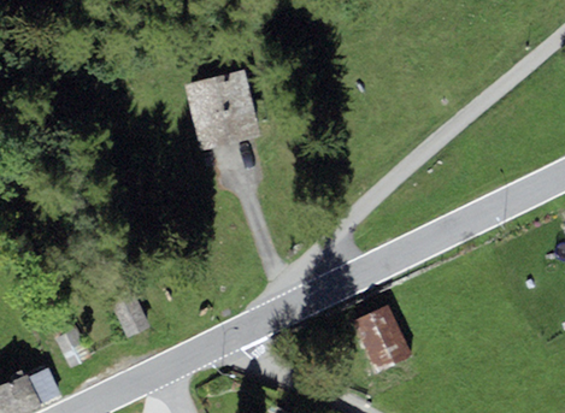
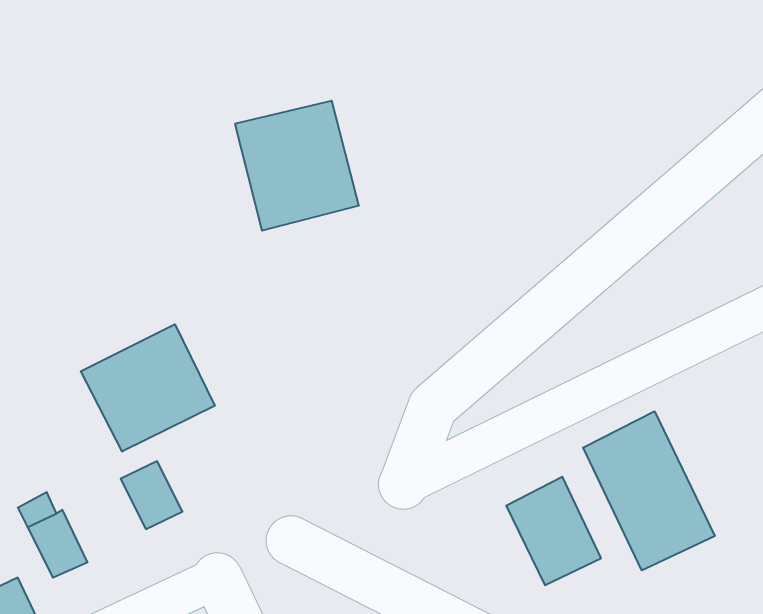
building: none -> [81,324,215,452]
building: none -> [583,411,715,570]

